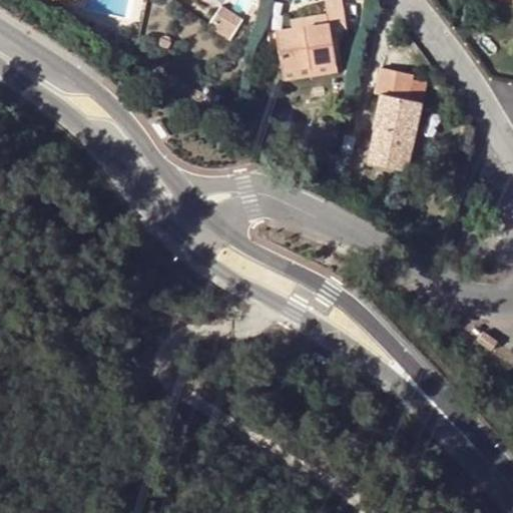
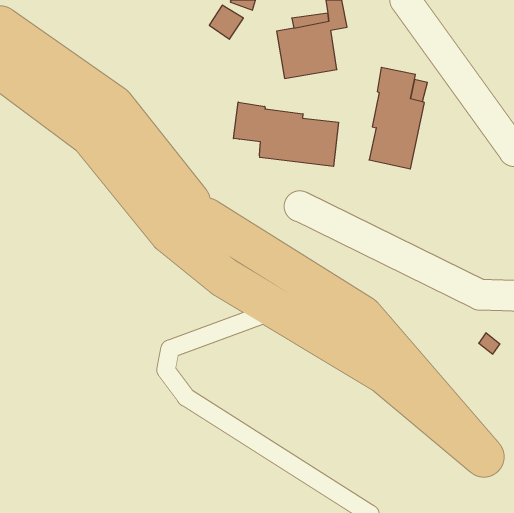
building: none -> [234,102,338,166]

